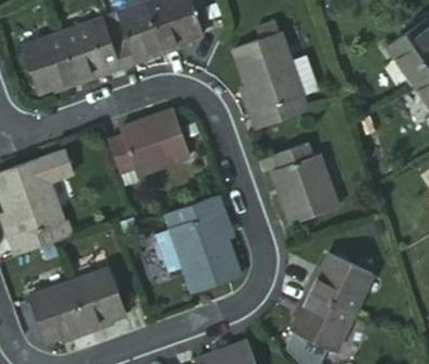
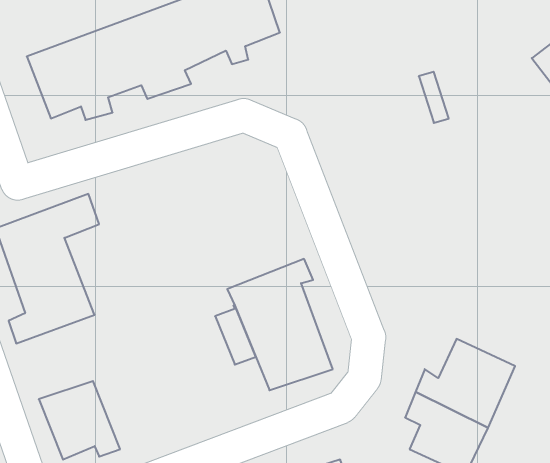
building: [237,36,307,129] -> none
building: [111,106,196,175] -> none
building: [268,142,333,223] -> none
building: [69,266,126,332] -> none

